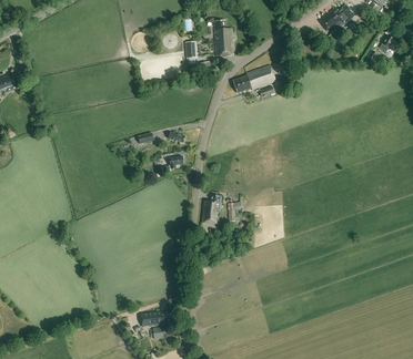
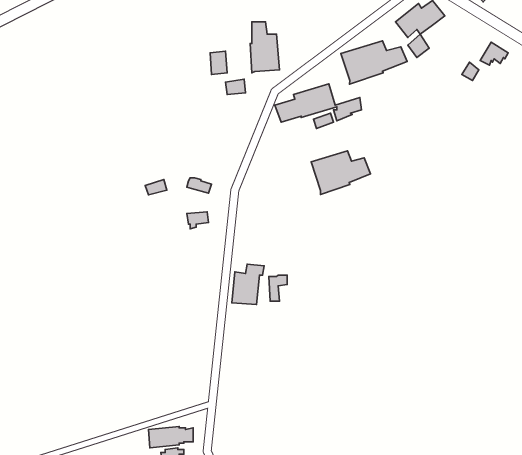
building: none -> [341,41,407,84]
building: none -> [311,151,370,195]

